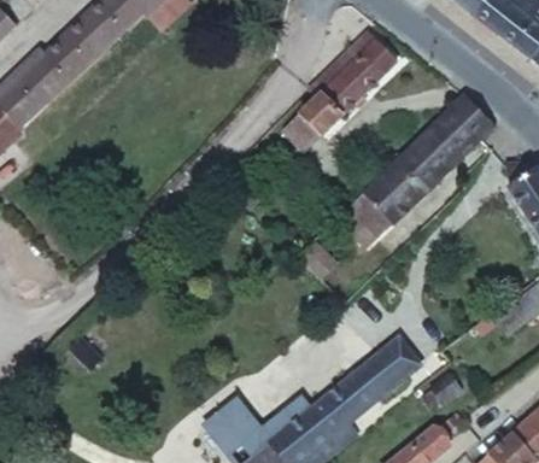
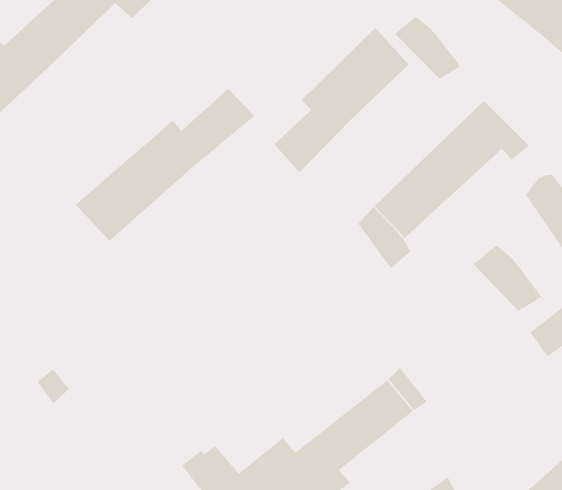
building: none -> [394,16,461,80]
building: none -> [75,88,255,241]
building: none -> [472,244,542,312]

